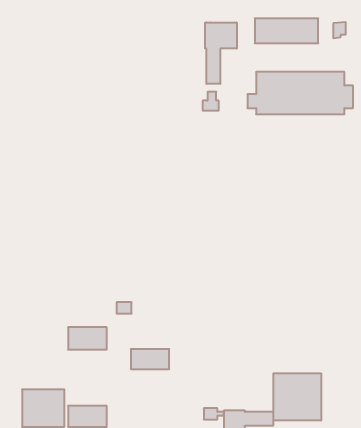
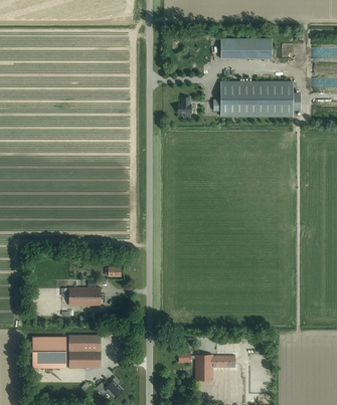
building: [205,22,237,84] -> none
building: [131,349,169,369] -> [69,335,101,351]
building: [273,373,321,421] -> none

